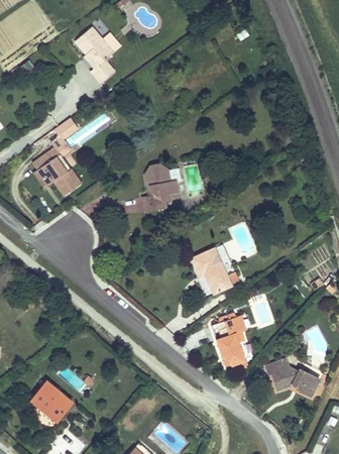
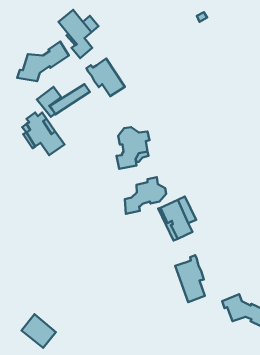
building: none -> [17,41,69,81]
building: none -> [86,59,125,96]
building: none -> [125,177,166,214]

